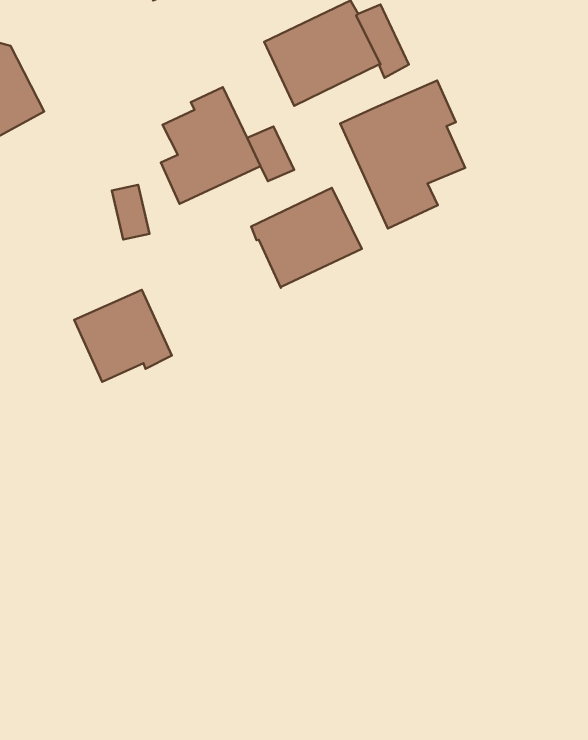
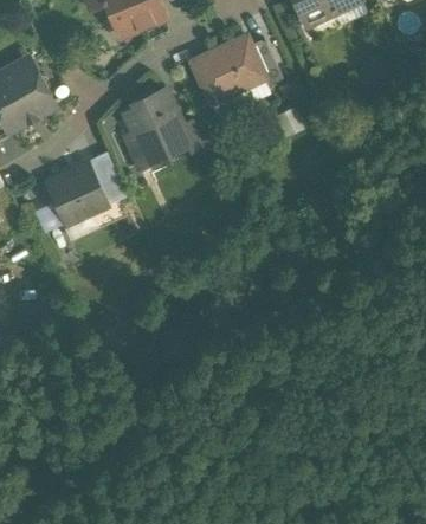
building: [340,80,465,228] -> none
building: [251,188,362,288] -> none
building: [74,290,172,382] -> [45,162,106,220]

